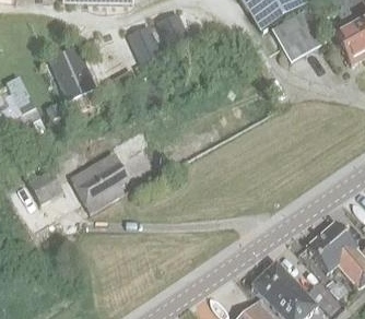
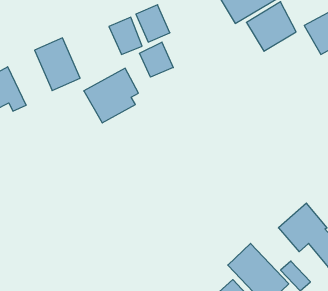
building: none -> [139,42,173,77]
building: [70,153,128,211] -> [84,68,138,123]
building: [28,170,63,203] -> none

